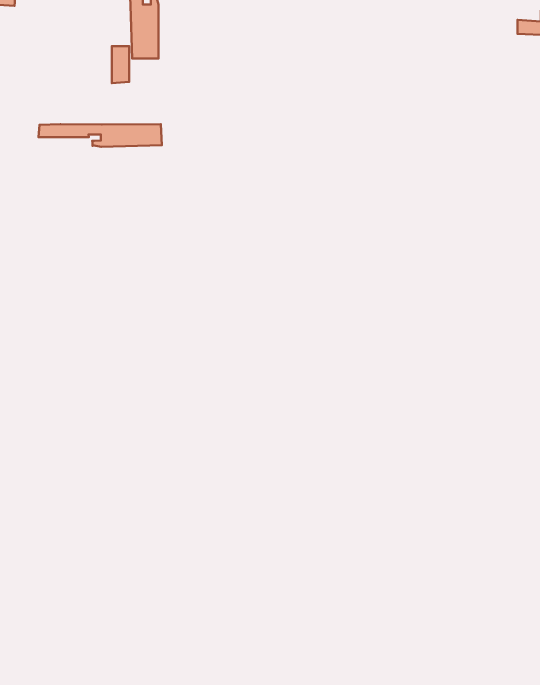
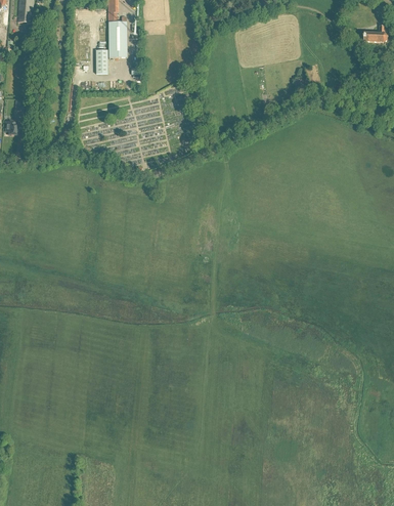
building: [38,124,162,147] -> none

